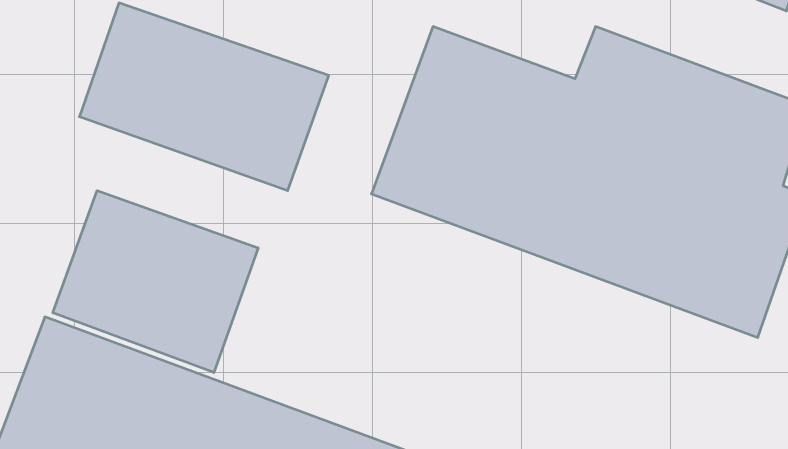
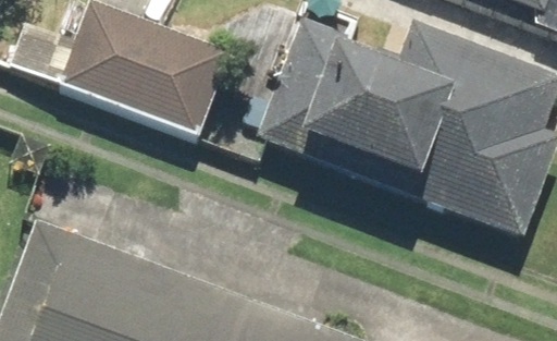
building: [53,191,258,373] -> none

